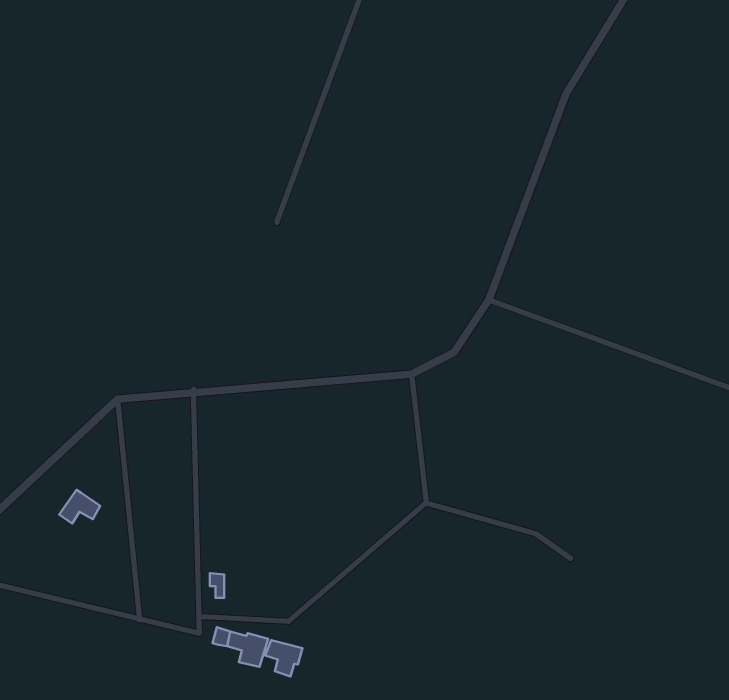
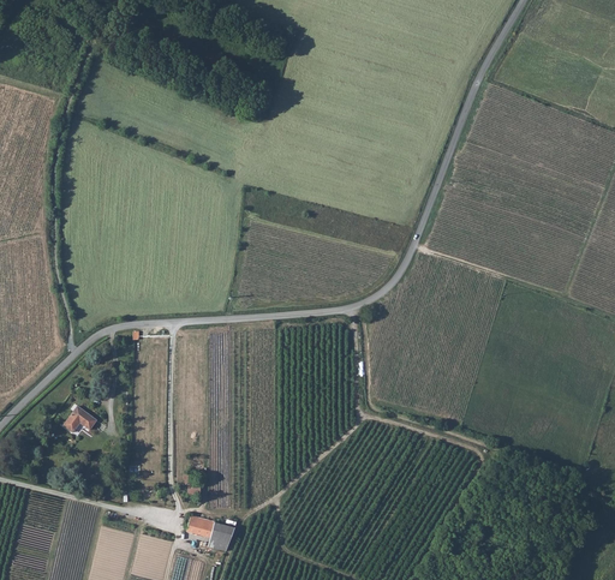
building: [265,640,302,677] -> none

